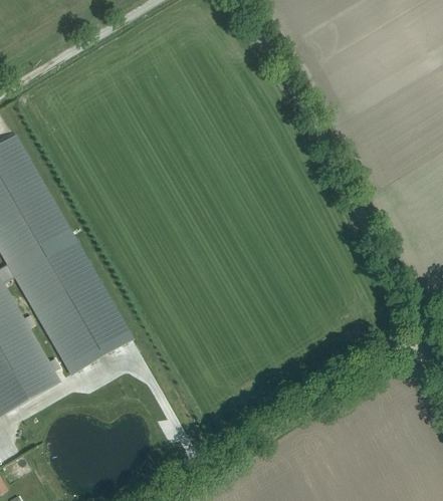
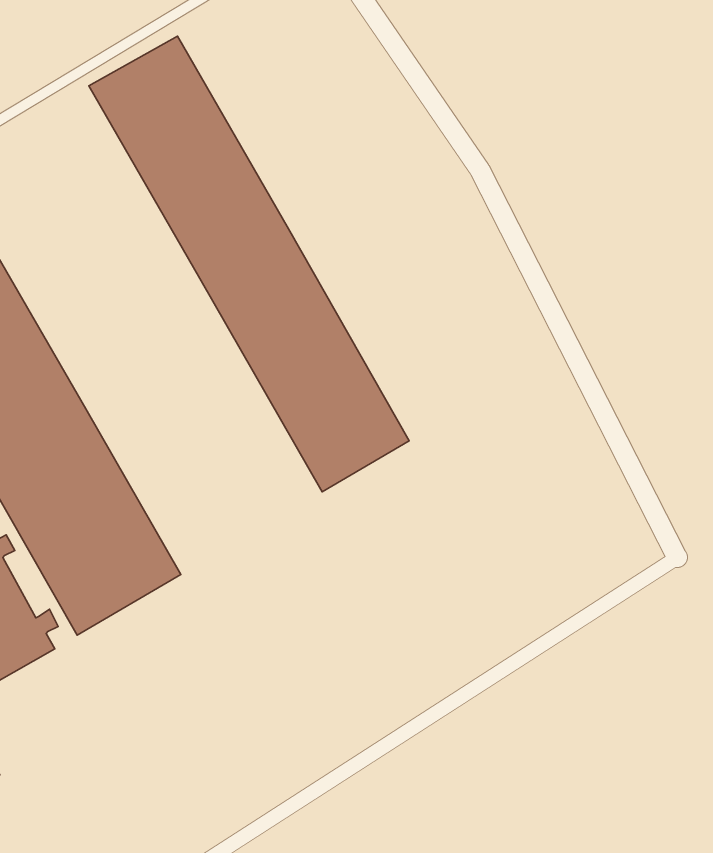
building: none -> [89,36,409,492]

